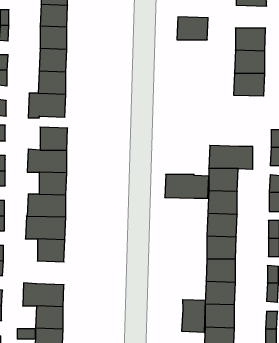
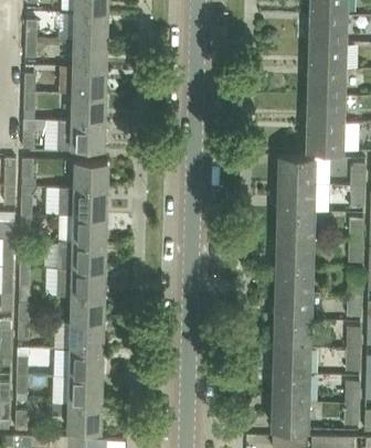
building: [177,17,208,40] -> [309,14,347,42]
building: none -> [307,122,343,151]
building: [165,174,209,198] -> [278,156,331,184]
building: none -> [70,322,103,351]
building: [182,300,205,333] -> none

